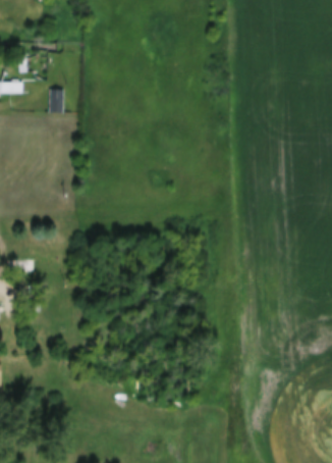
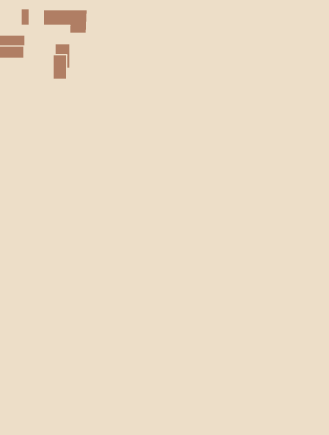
building: none -> [43,9,87,33]

